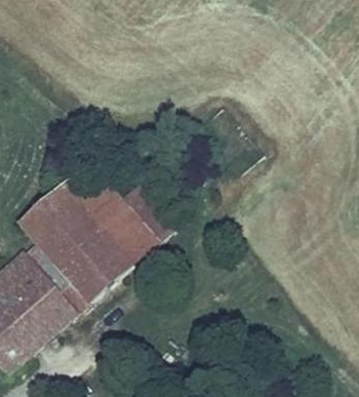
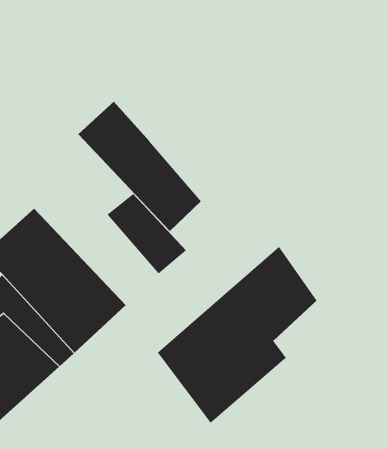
building: [61,162,156,263] -> [78,101,202,232]
building: none -> [157,246,317,424]

